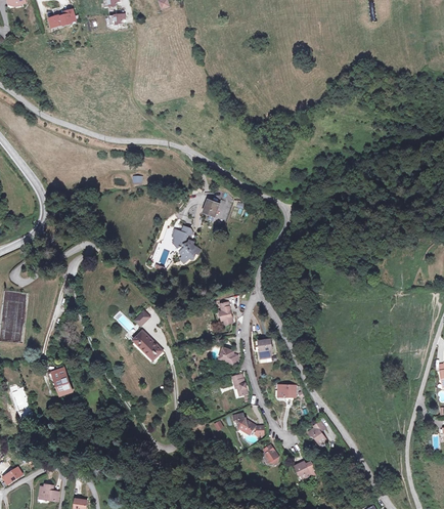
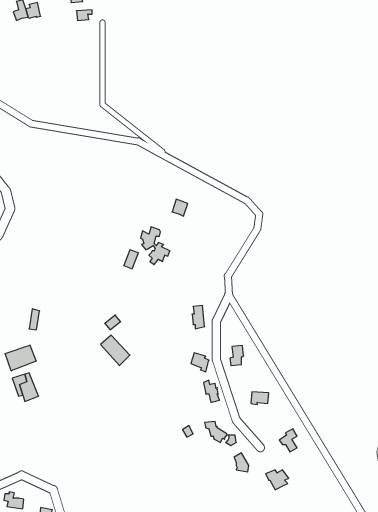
building: none -> [5,345,36,371]

